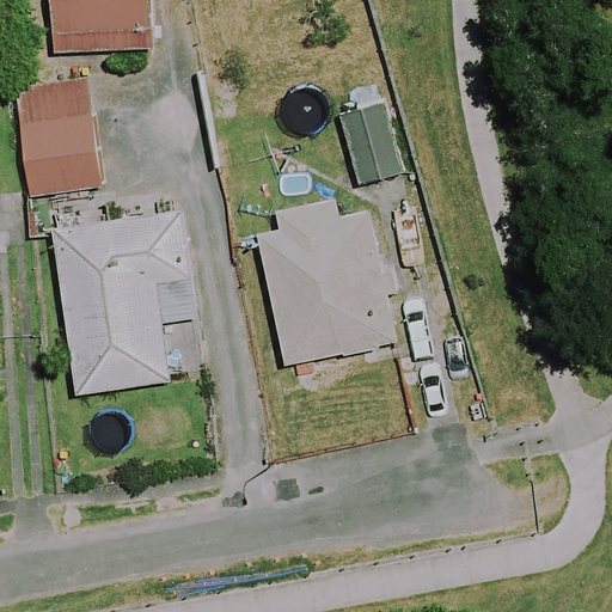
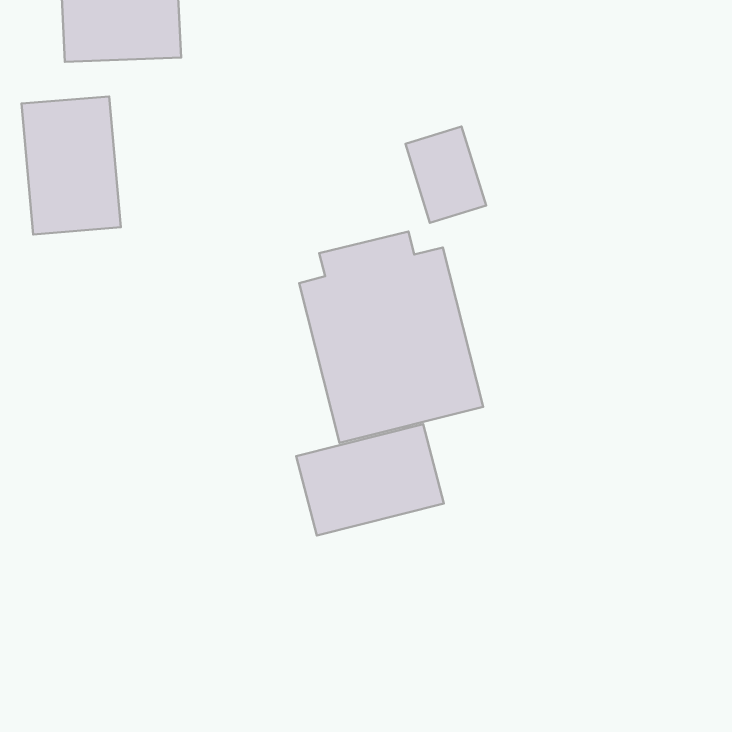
building: [55,213,192,393] -> none
building: none -> [296,424,444,535]

